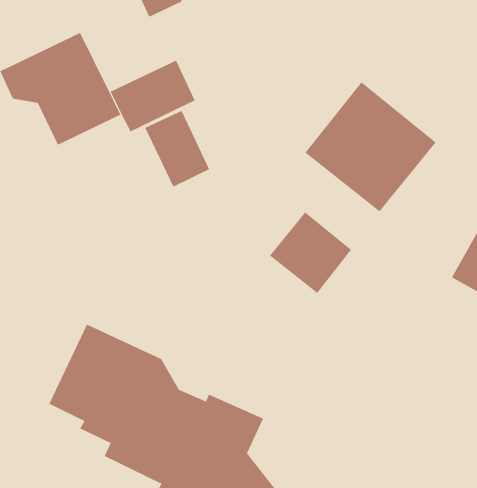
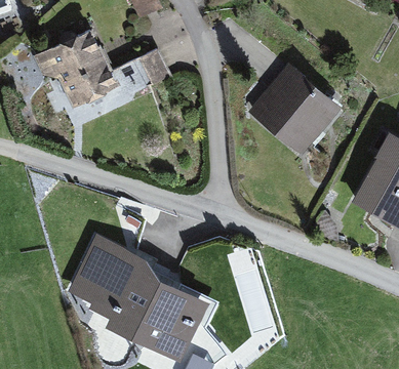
building: [144,110,210,187] -> none
building: [269,212,352,294] -> none

